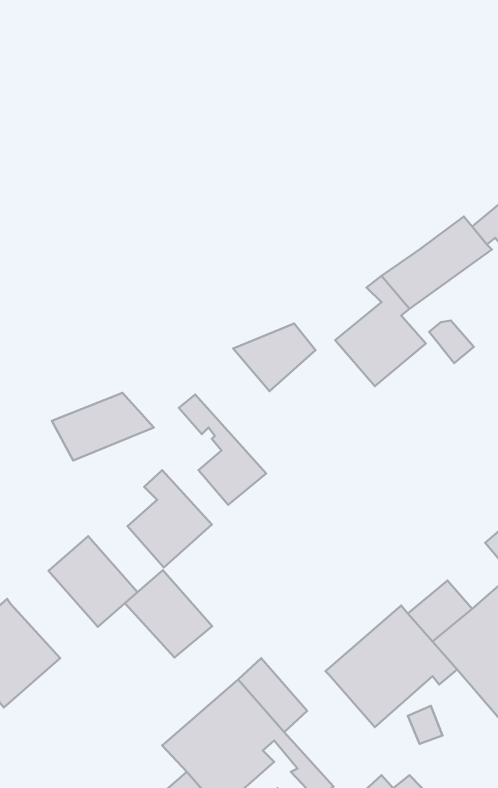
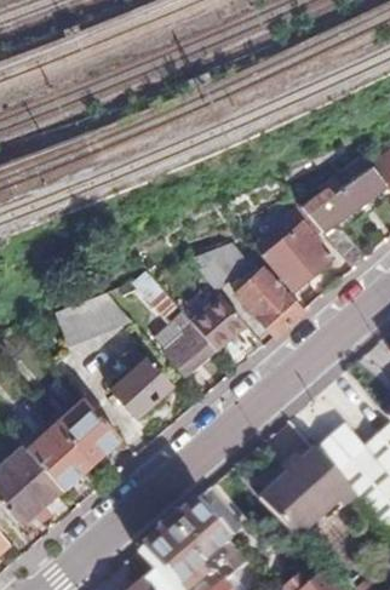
building: none -> [239,268,305,337]
building: none -> [190,293,245,350]
building: [125,570,212,658] -> [27,423,91,487]

